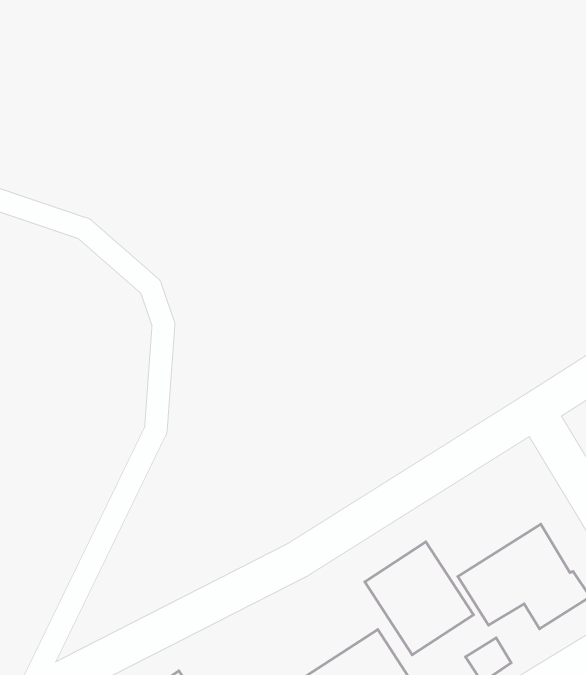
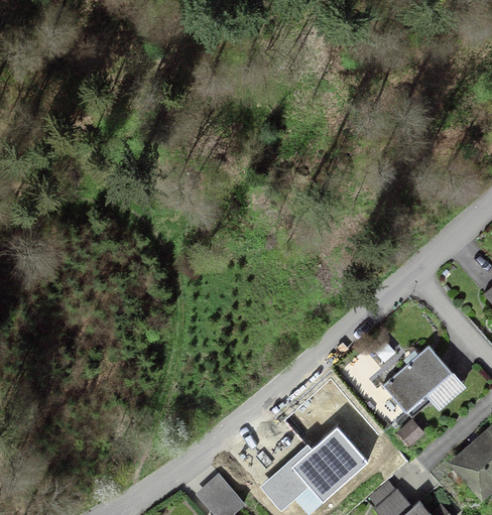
building: [365,542,473,655] -> none

